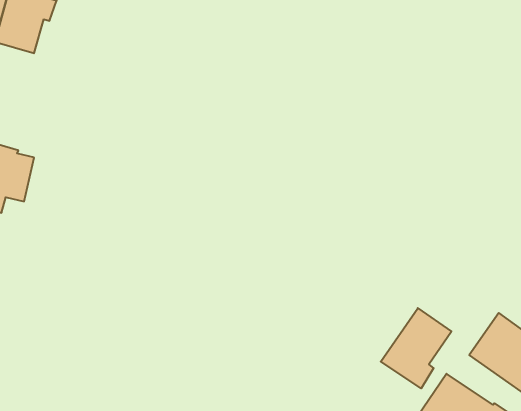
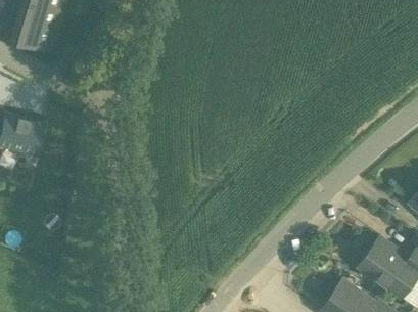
building: [381,308,451,388] -> none

